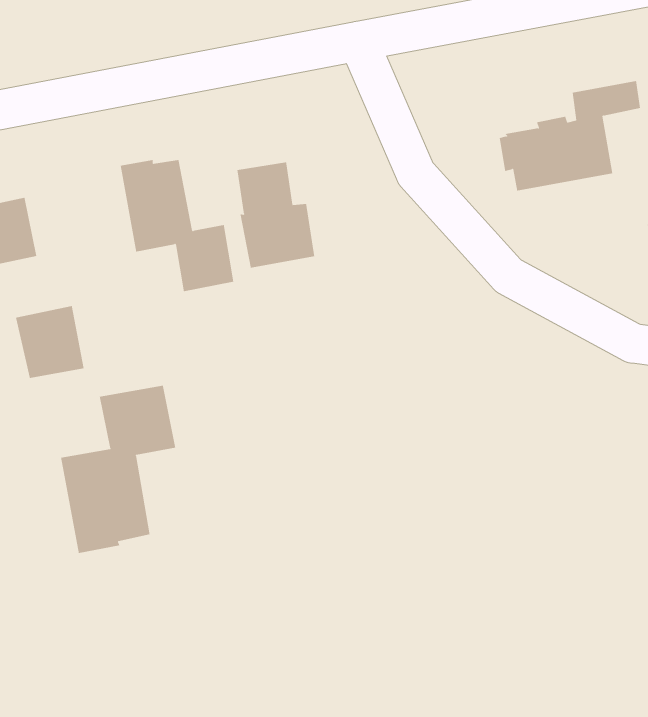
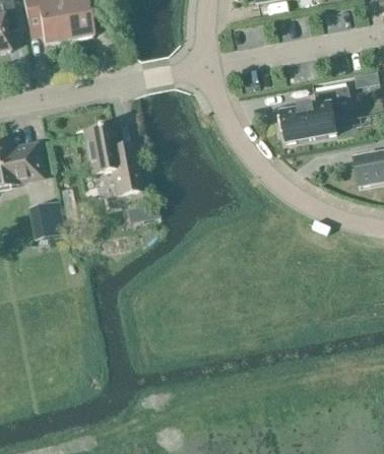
building: [237,162,315,269] -> none
building: [60,385,176,554] -> none

